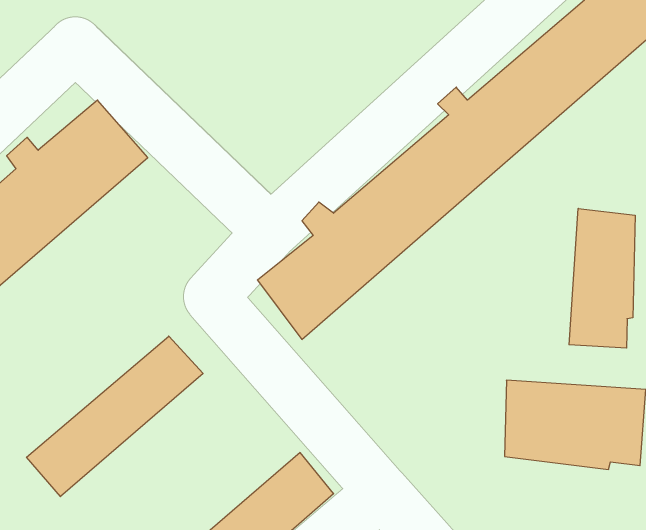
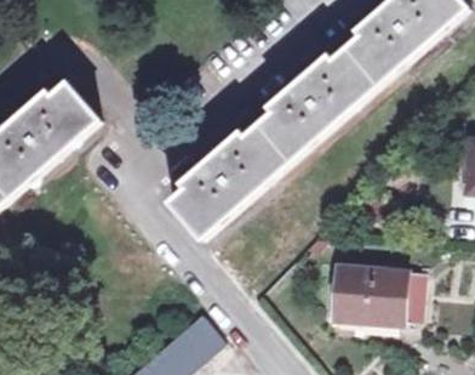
building: [569,208,635,348] -> none
building: [27,336,203,497] -> none

